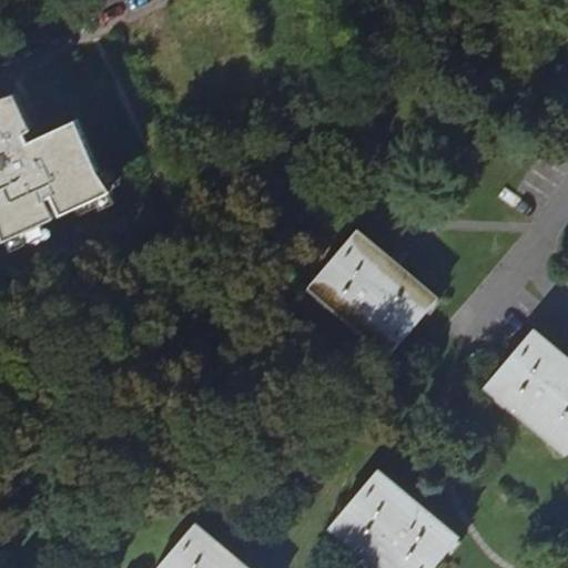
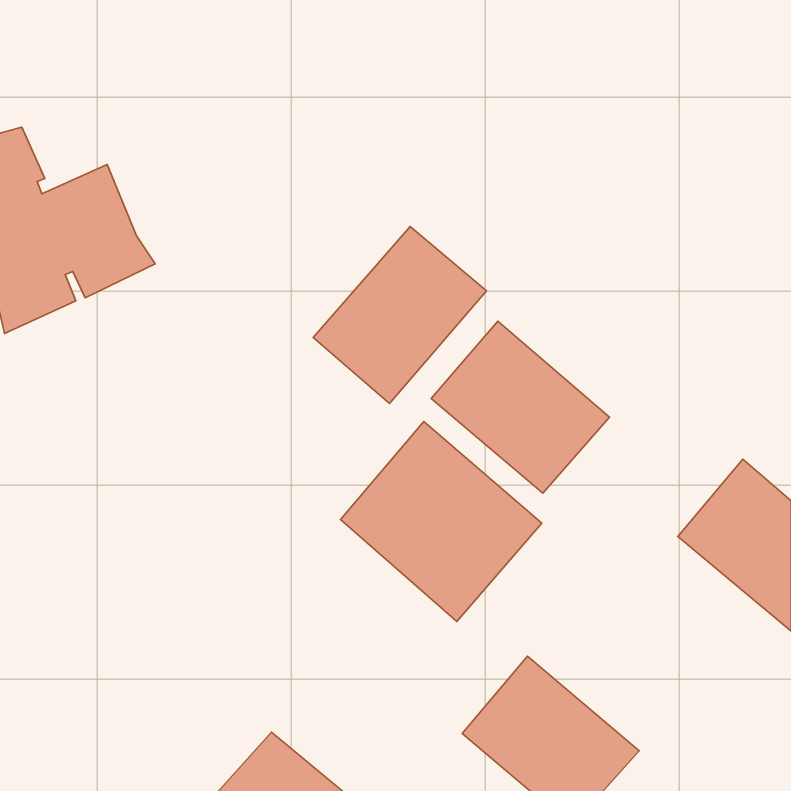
building: none -> [313,227,487,403]
building: none -> [340,421,542,622]

